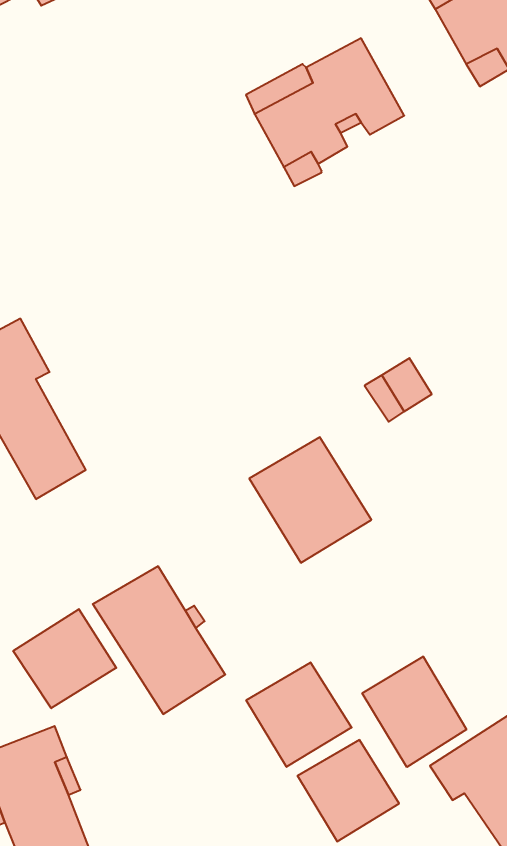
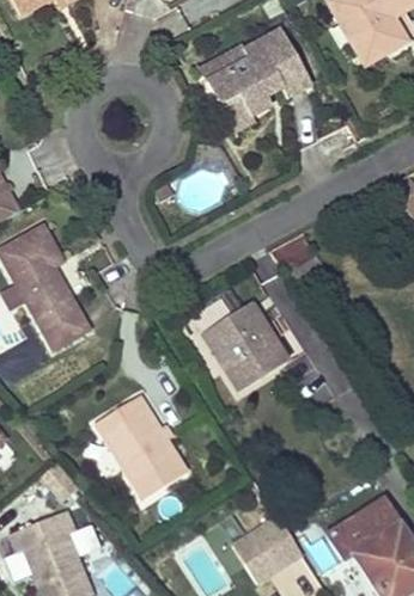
building: [13,609,116,708] -> none
building: [362,656,466,767] -> none
building: [246,662,352,767] -> none

